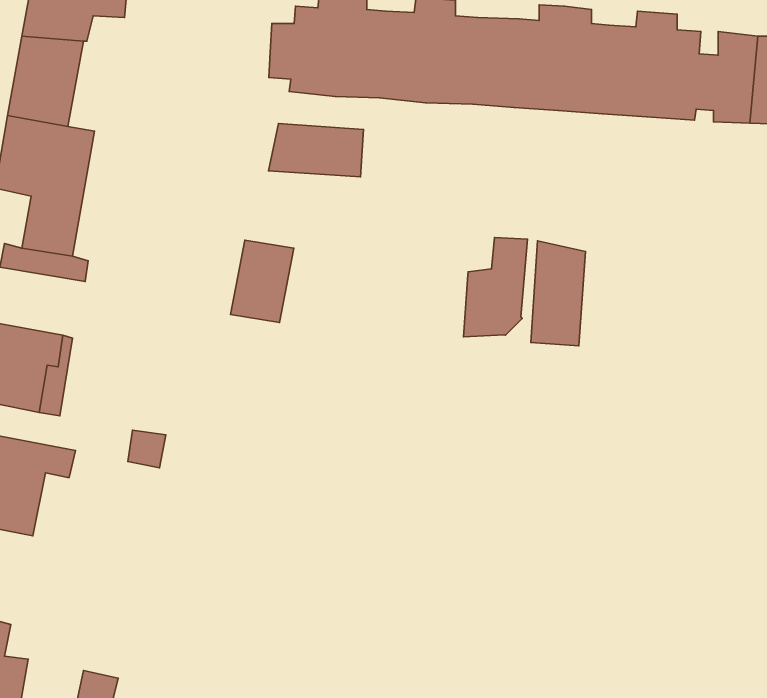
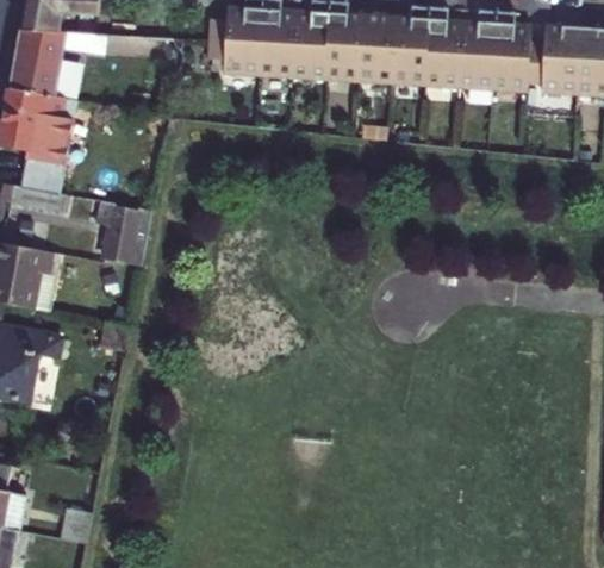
building: [268,124,364,177] -> none
building: [464,237,527,337] -> none
building: [231,240,294,323] -> [102,205,150,267]
building: [531,241,585,346] -> none

